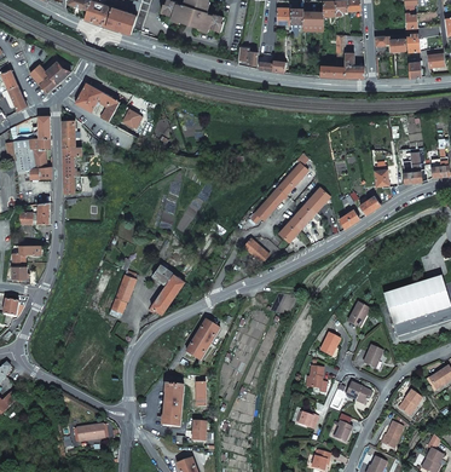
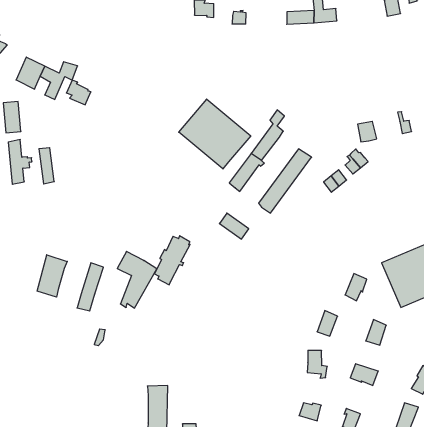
building: none -> [179,99,251,169]
building: none -> [37,255,67,297]
building: [186,321,220,363] -> [155,236,190,285]

